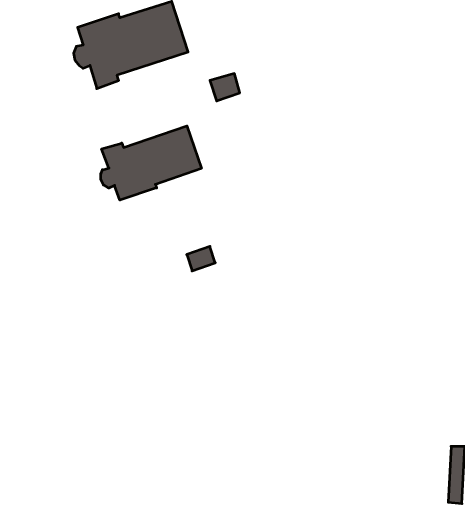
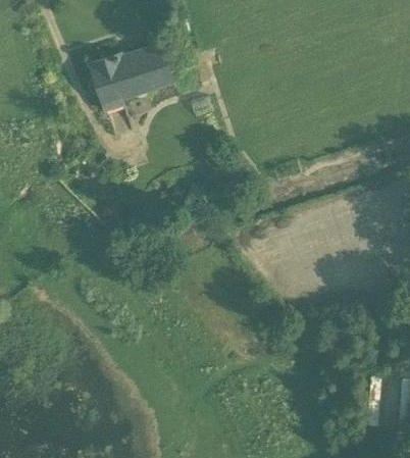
building: [101,126,201,200] -> none

